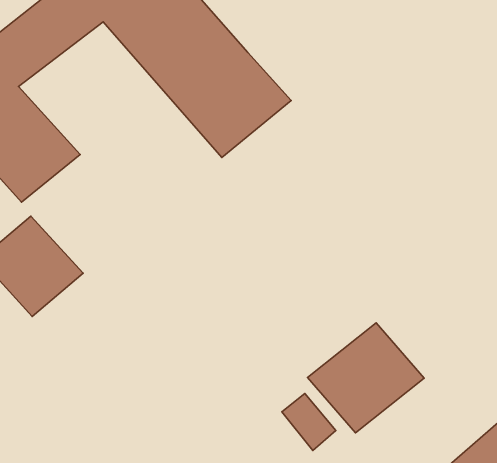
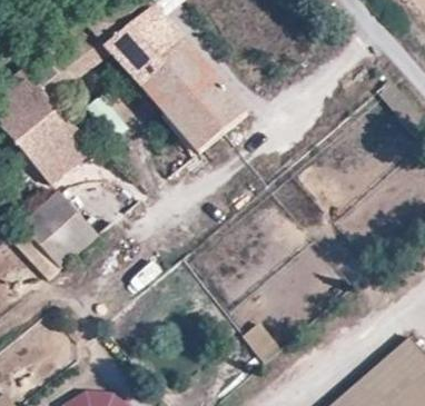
building: [308,323,424,433] -> none

